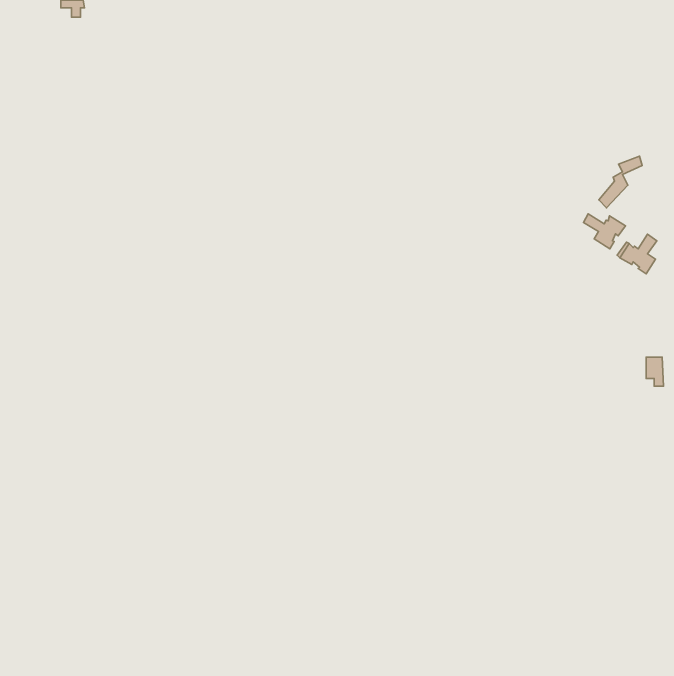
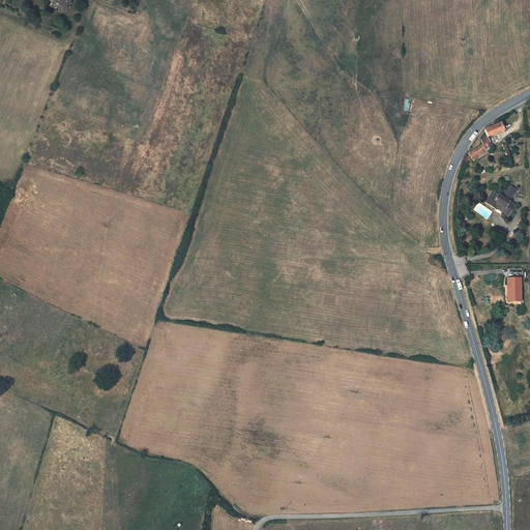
building: [583,214,625,249] -> none

